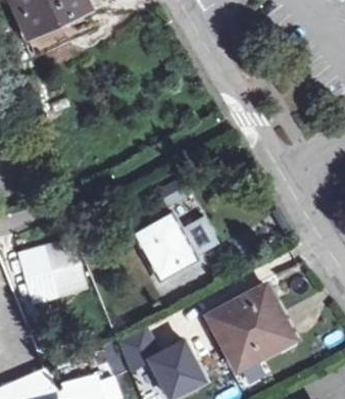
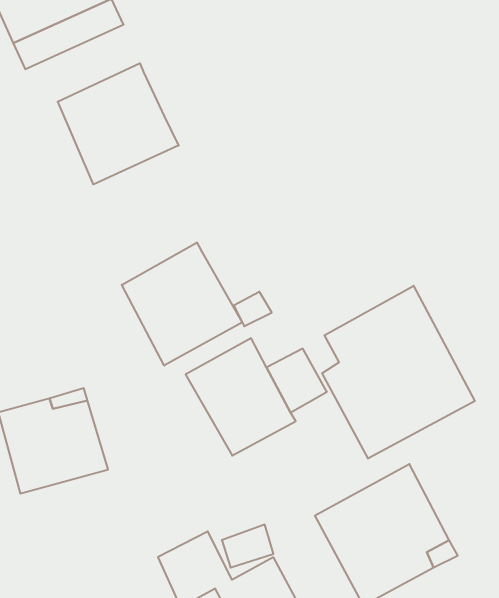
building: none -> [58,63,179,184]
building: none -> [122,242,242,366]
building: none -> [322,286,475,459]

